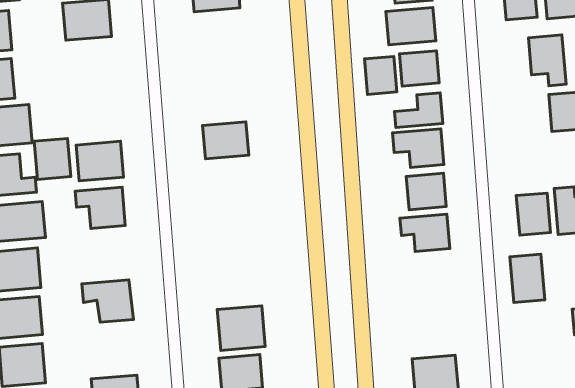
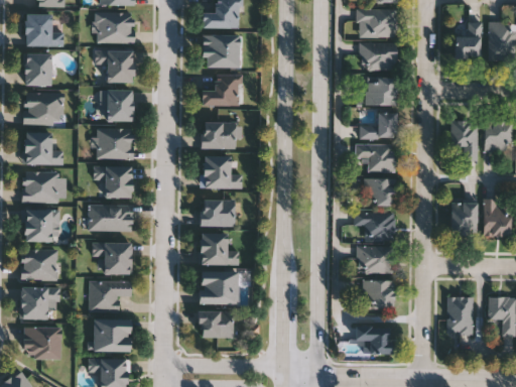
building: none -> [204,35,239,69]
building: [528,35,566,86] -> [449,119,477,159]
building: none -> [96,50,134,83]
building: [365,56,397,94] -> none
building: none -> [206,75,240,107]
building: [34,138,71,180] -> [107,91,134,122]
building: none -> [201,156,242,188]
building: none -> [201,200,234,226]
building: none -> [90,206,132,232]
building: [510,254,545,302] -> [446,295,472,333]
building: none -> [356,245,392,272]
building: none -> [201,234,238,265]
building: none -> [362,279,393,307]
building: none -> [90,281,132,312]

